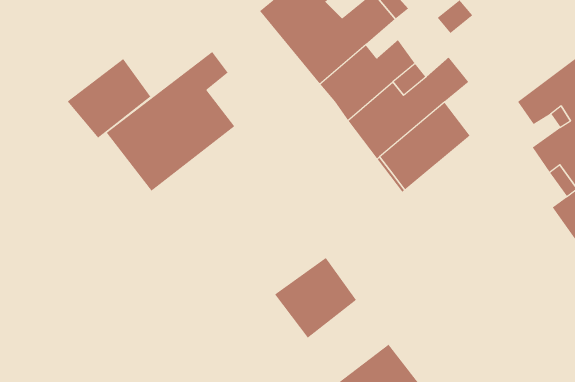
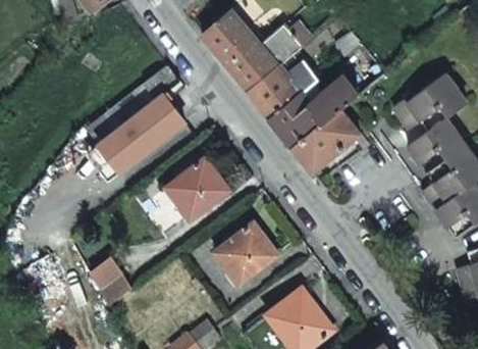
building: [67,58,151,139] -> none
building: none -> [164,160,227,222]
building: none -> [91,258,130,306]

